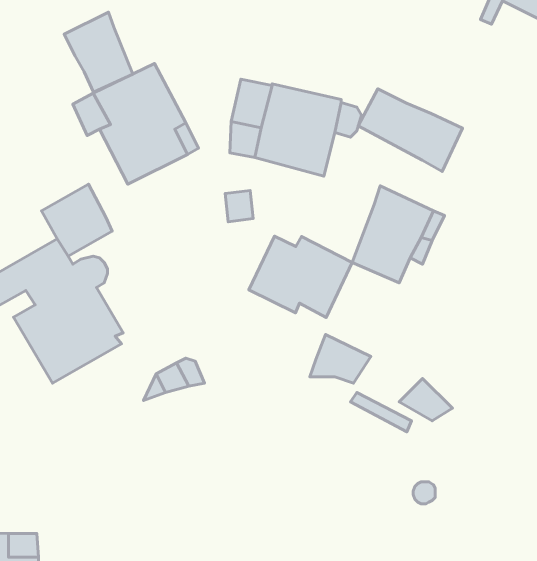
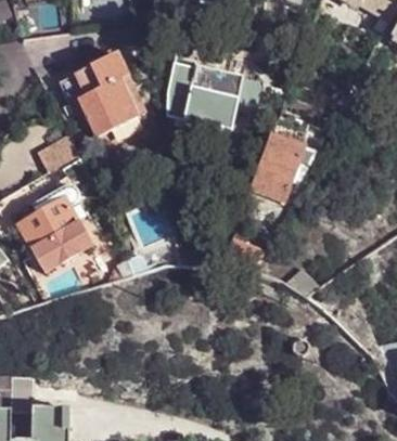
building: [64,12,133,92] -> none
building: [358,89,463,172] -> none
building: [249,236,352,317] -> none

